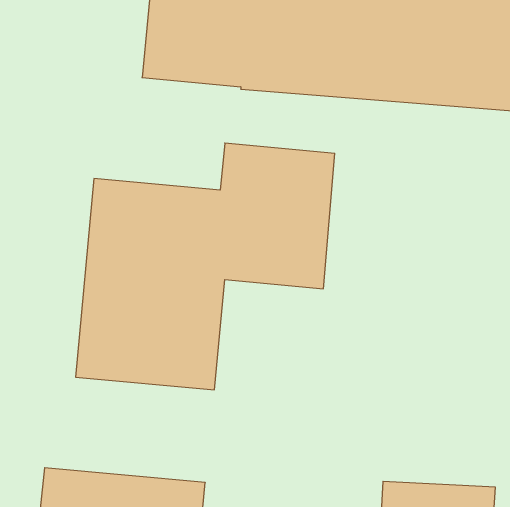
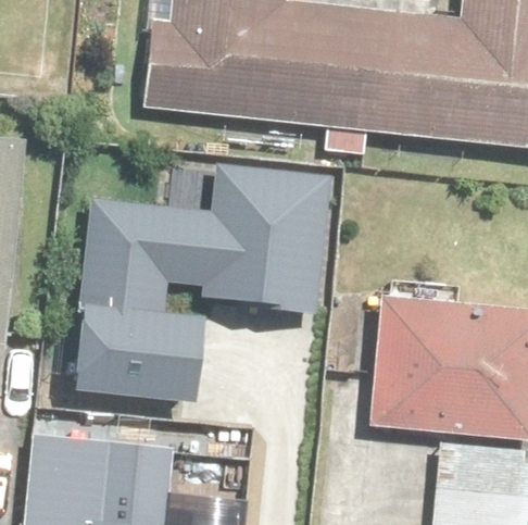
building: none -> [361,337,482,471]

